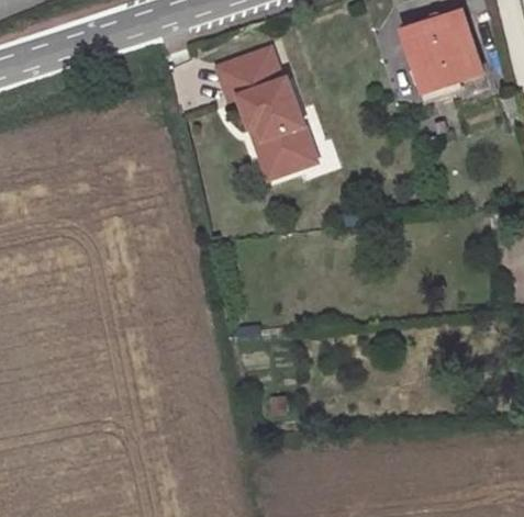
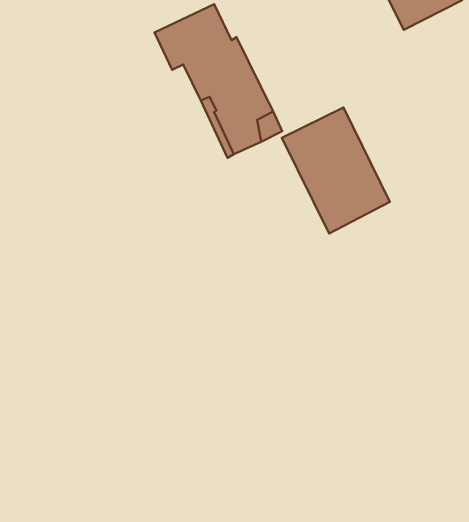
building: none -> [282,107,390,234]

